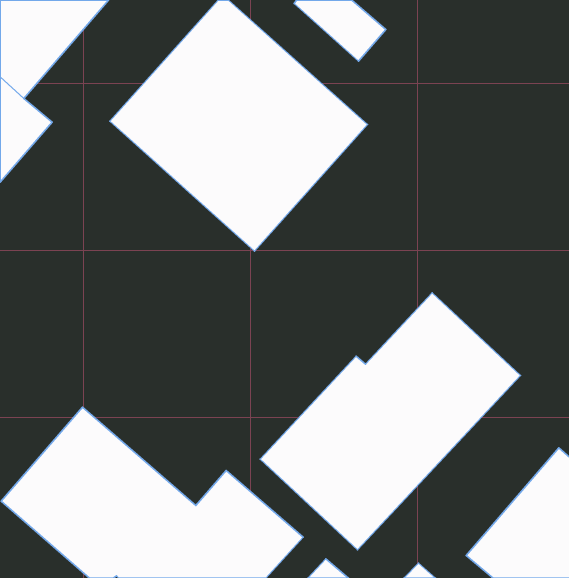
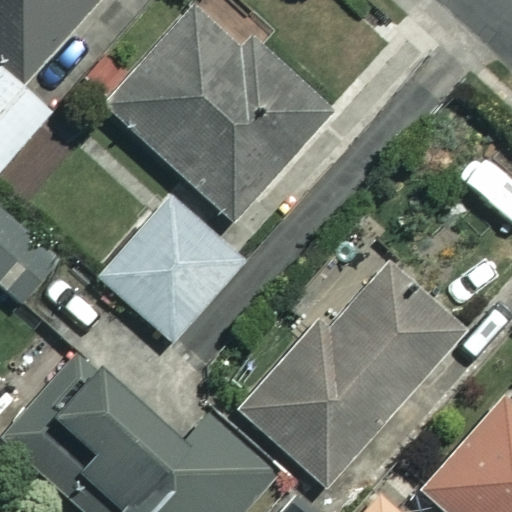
building: none -> [103,199,244,342]

